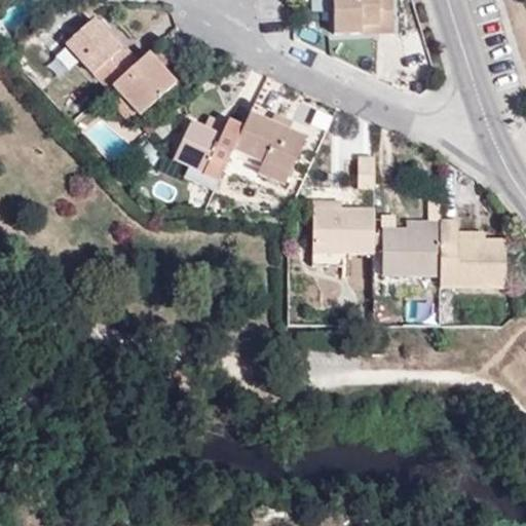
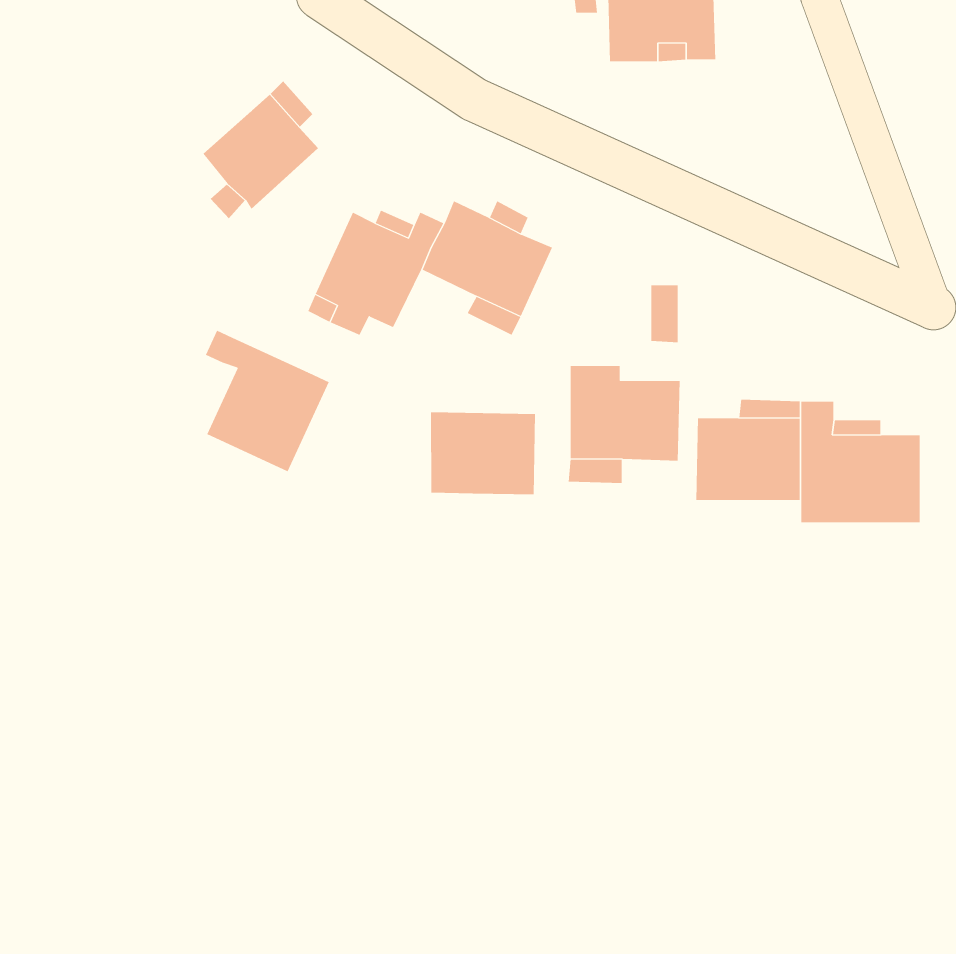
building: [66,18,139,89] -> none
building: none -> [205,330,330,472]
building: none -> [430,412,536,495]

